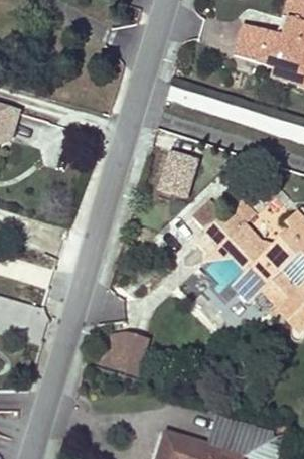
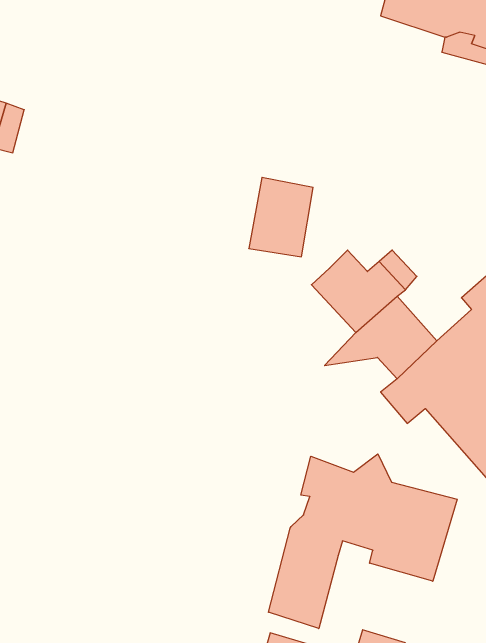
building: none -> [268,454,457,629]
building: [105,330,148,375] -> none

